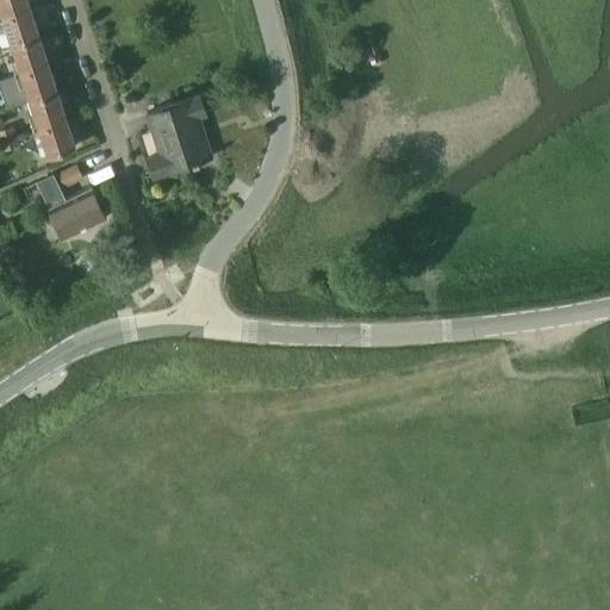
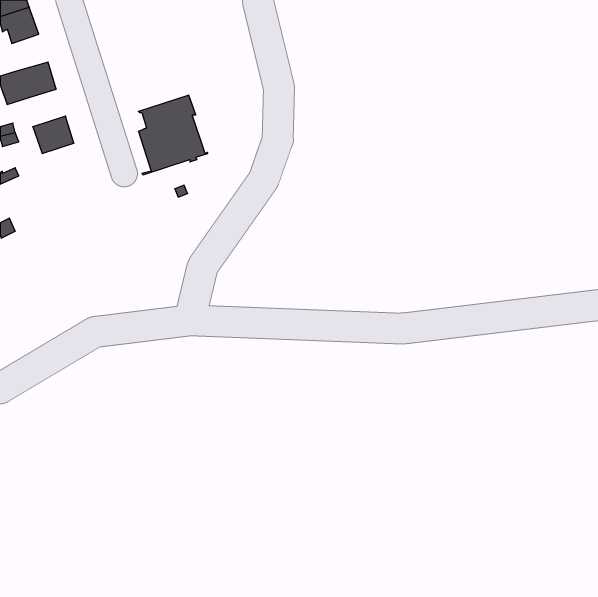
building: [13,37,50,75] -> none
building: [31,93,68,131] -> none
building: [37,166,106,239] -> none

